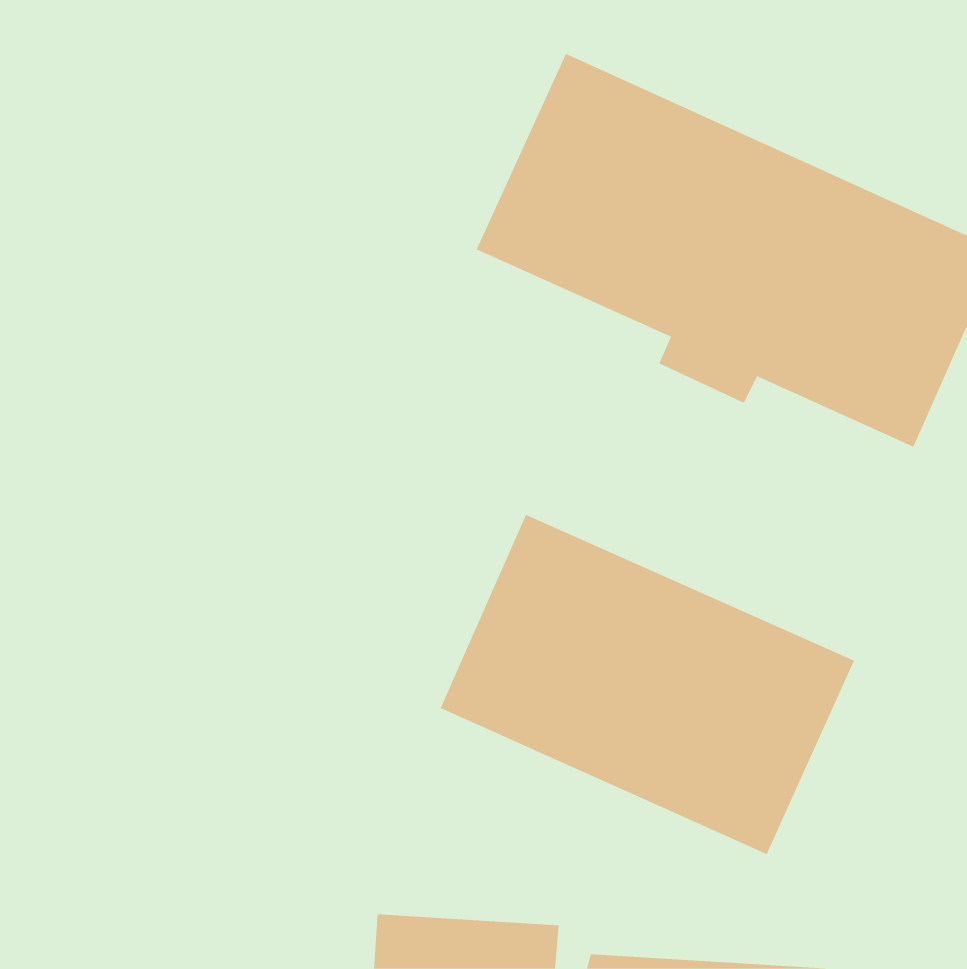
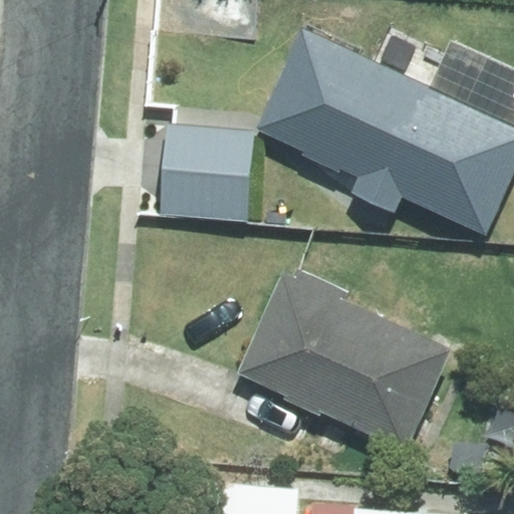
building: none -> [159,122,254,219]

